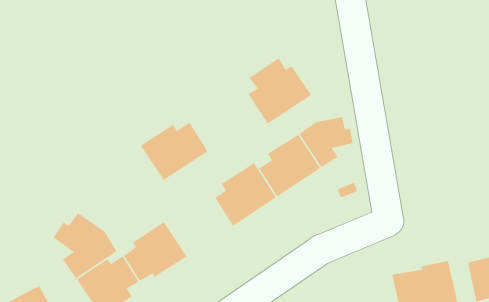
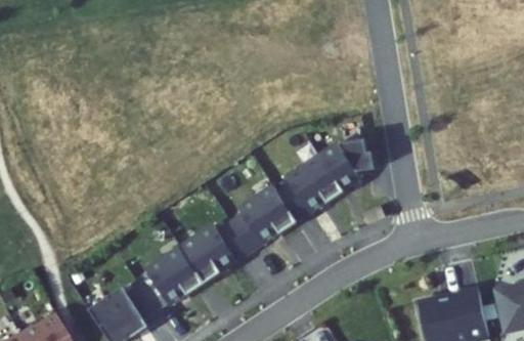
building: [248,57,312,124] -> none
building: [140,122,208,181] -> [180,221,252,283]
building: [52,212,118,279] -> none

